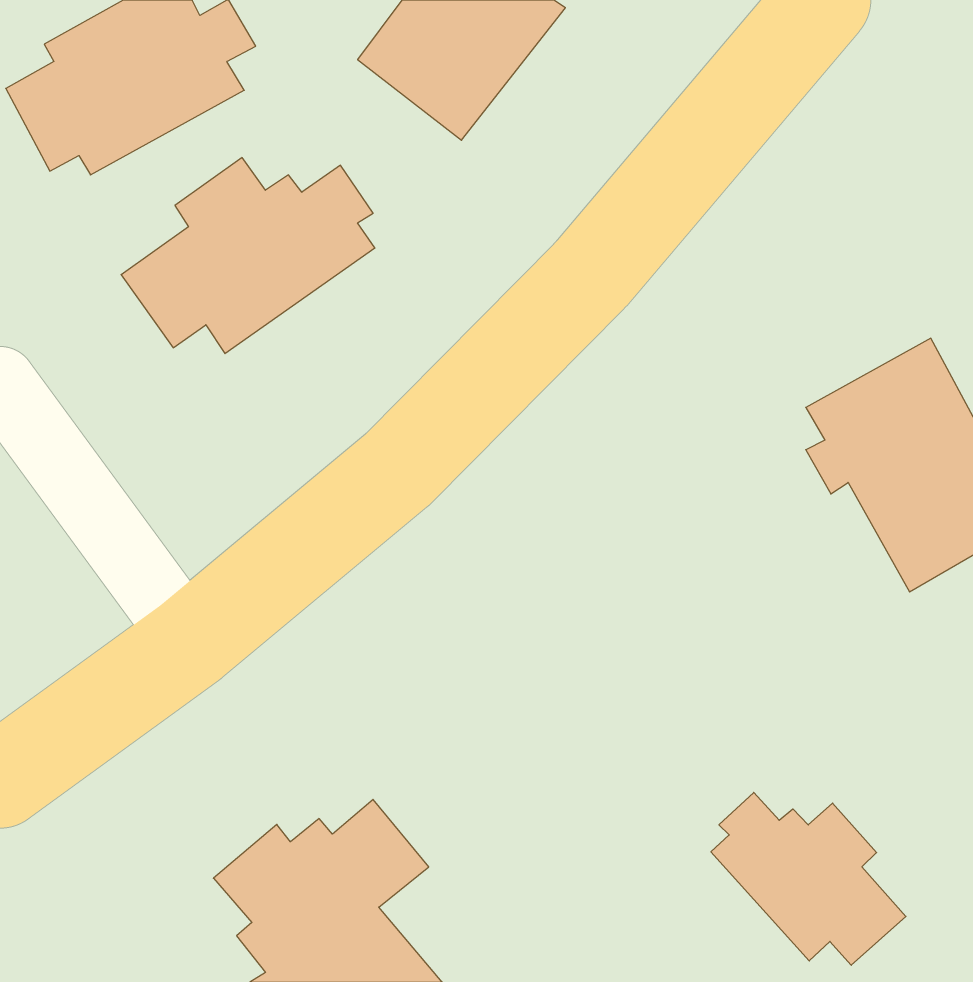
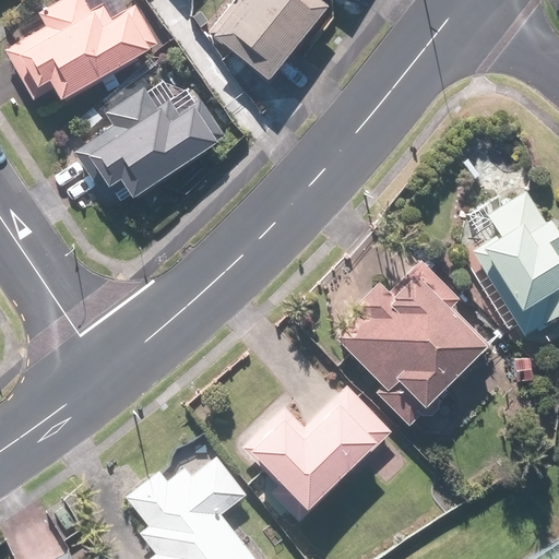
building: none -> [333,258,488,426]
building: none -> [239,385,392,520]
building: [711,792,906,965] -> none

